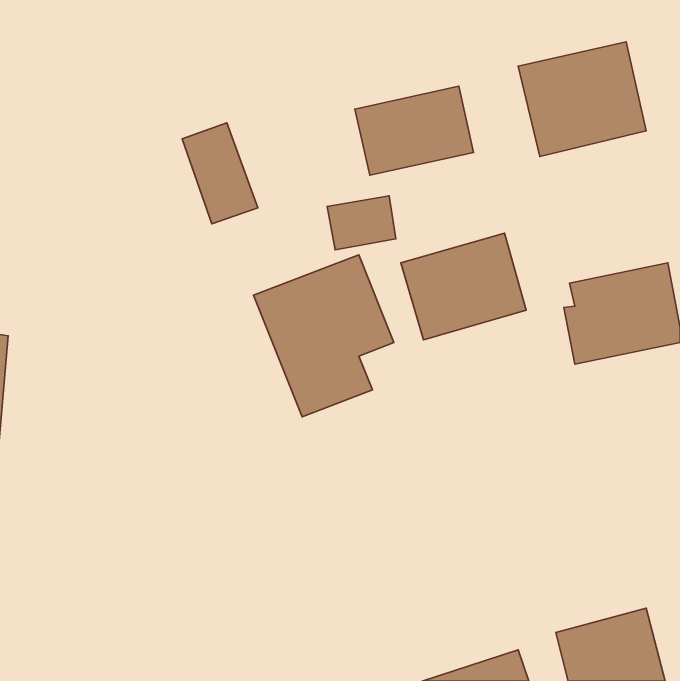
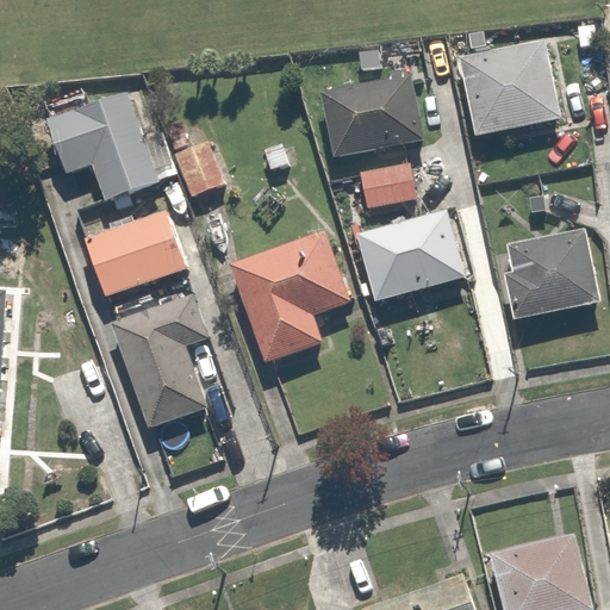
building: none -> [44,87,172,208]
building: [327,196,396,250] -> [355,160,416,207]
building: none -> [82,208,187,300]
building: none -> [111,290,219,430]

